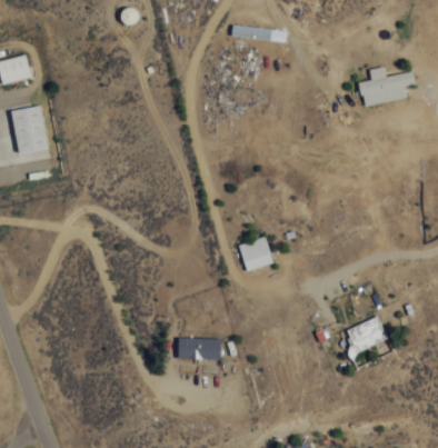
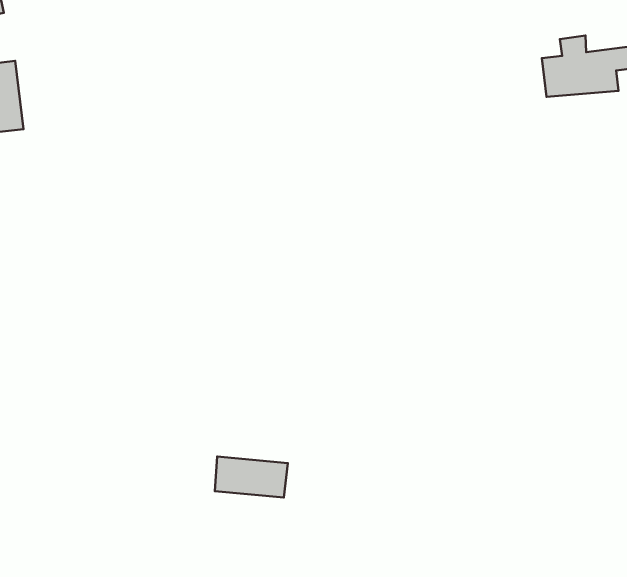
building: [238,237,273,272] -> none
building: [342,317,388,355] -> none

